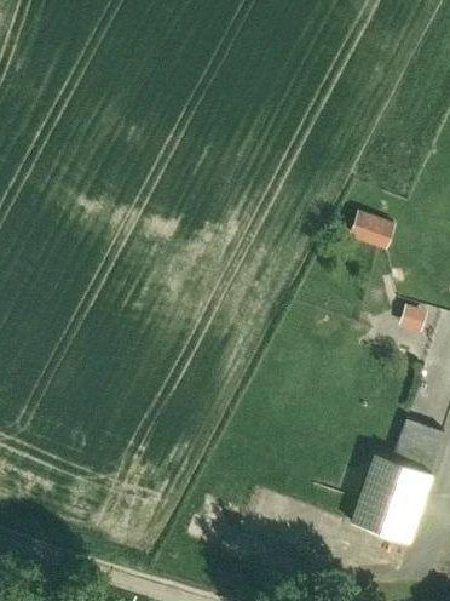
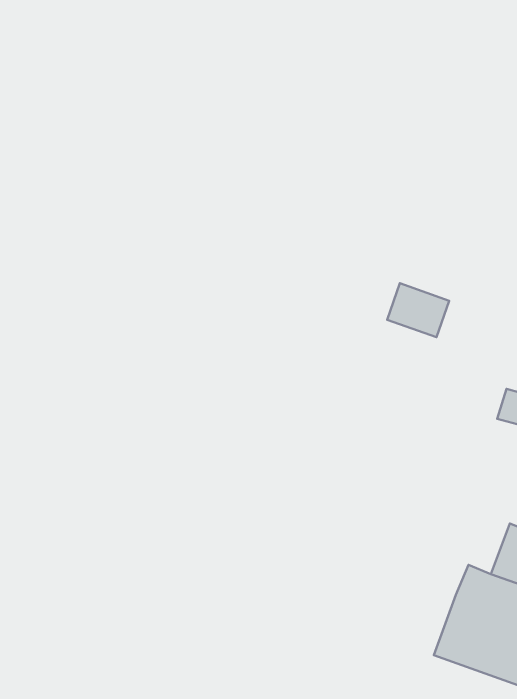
building: [350,208,397,250] -> [387,283,449,337]

